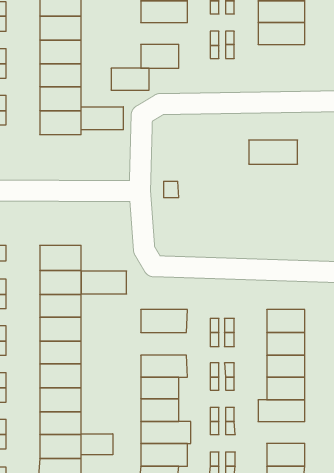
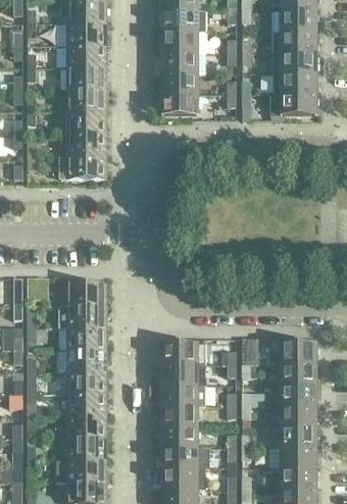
building: [111,68,149,90] -> [162,72,198,93]
building: [81,107,123,130] -> none
building: [249,140,298,164] -> [270,93,316,115]
building: [81,271,127,294] -> [162,363,205,385]
building: none -> [272,447,316,467]
building: [81,434,113,455] -> none

